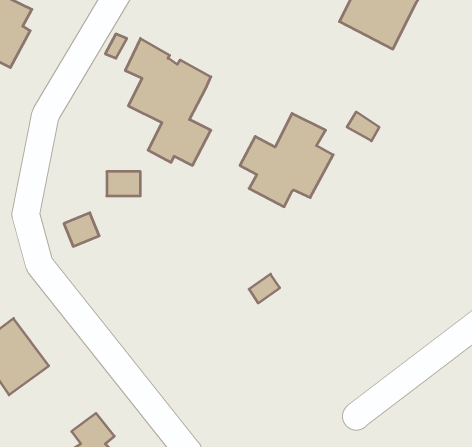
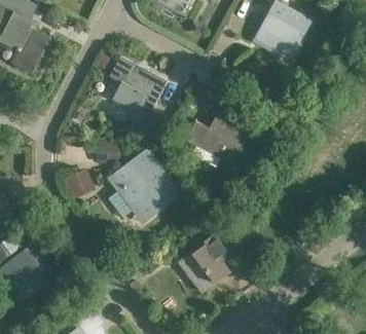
building: none -> [106,150,180,219]
building: none -> [176,232,231,292]

